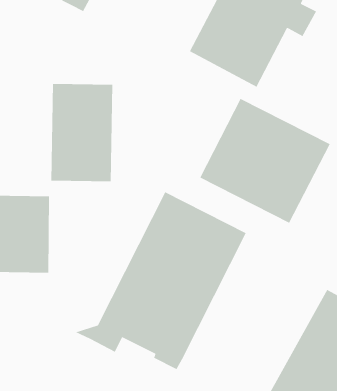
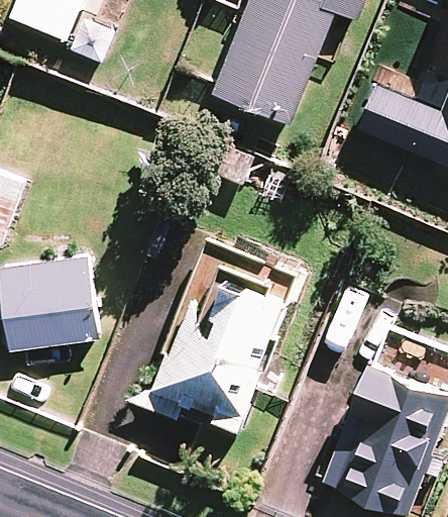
building: [50,83,113,182] -> none
building: [199,98,331,224] -> none

